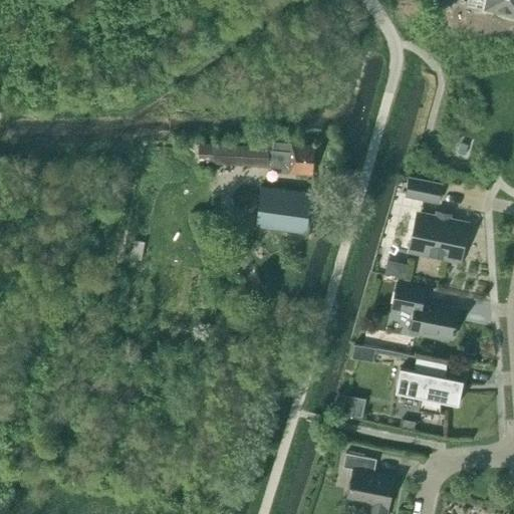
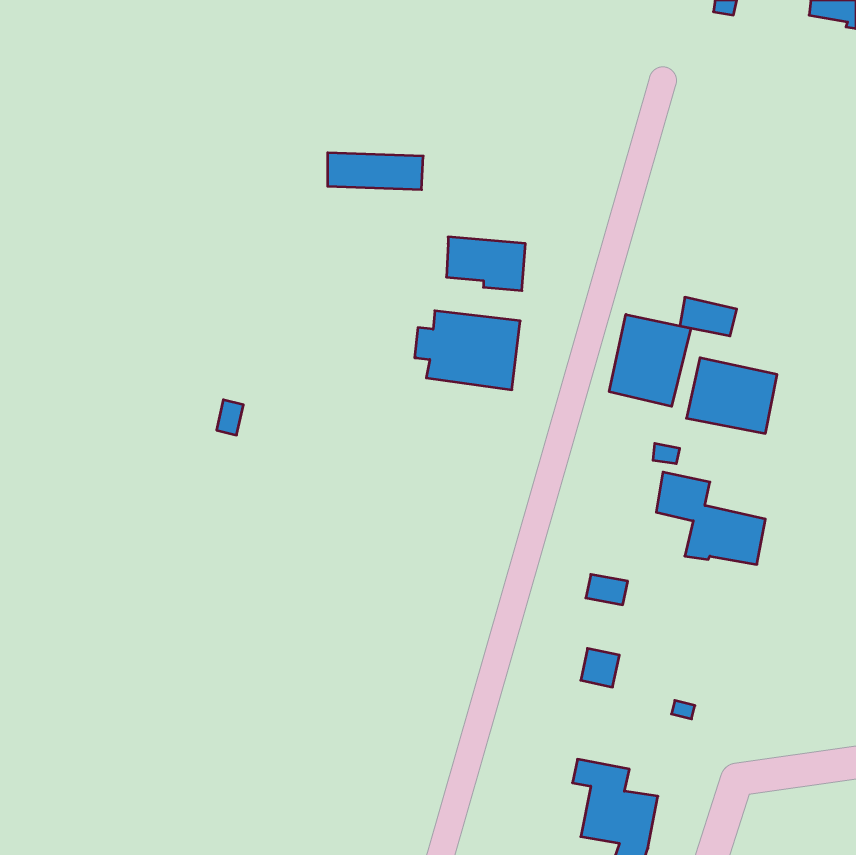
building: [211,146,268,168] -> [328,153,423,190]
building: none -> [609,314,691,406]
building: [395,358,463,416] -> none

